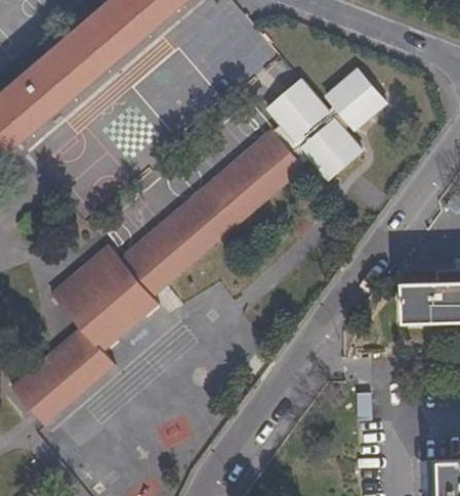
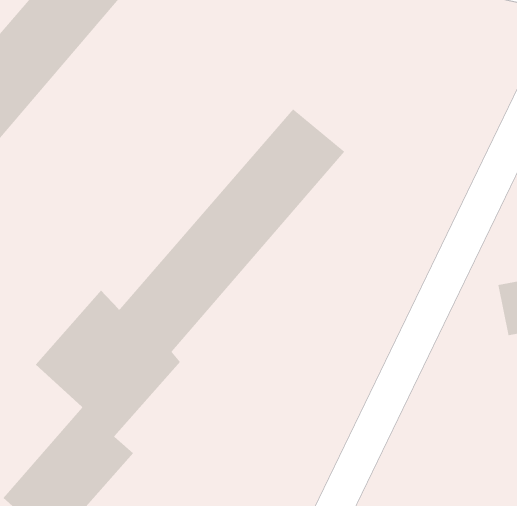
building: [324,66,389,132] -> none
building: [265,78,365,181] -> none

